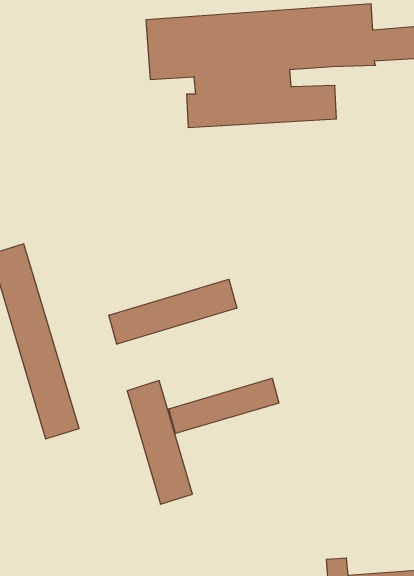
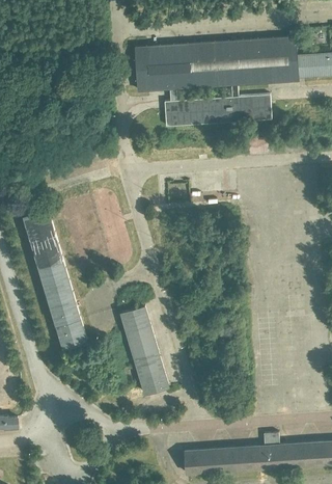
building: [109,279,237,344] -> none
building: [169,378,279,434] -> none

